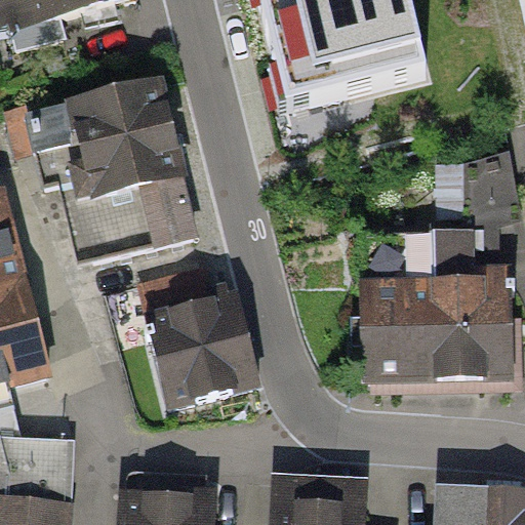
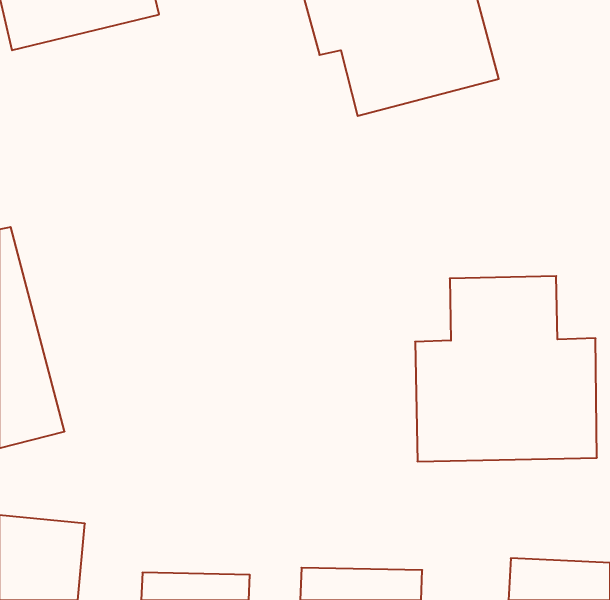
building: [8,83,196,258] -> none
building: [137,264,259,405] -> none

